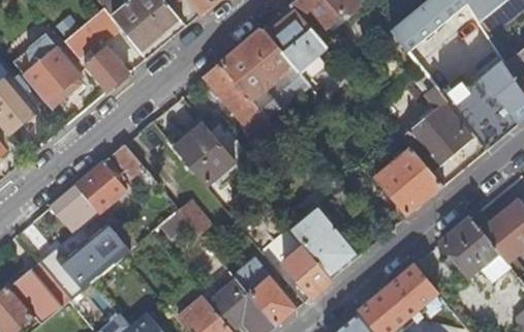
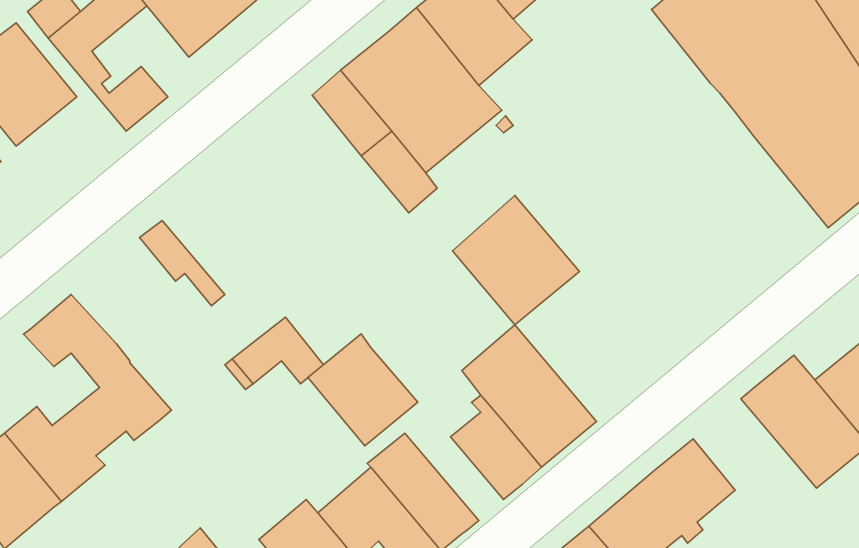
building: [407,86,471,168] -> none
building: [175,124,235,185] -> [308,334,418,446]
building: [375,145,444,215] -> [452,196,580,325]
building: [75,158,127,212] -> none

